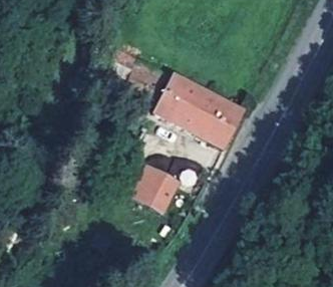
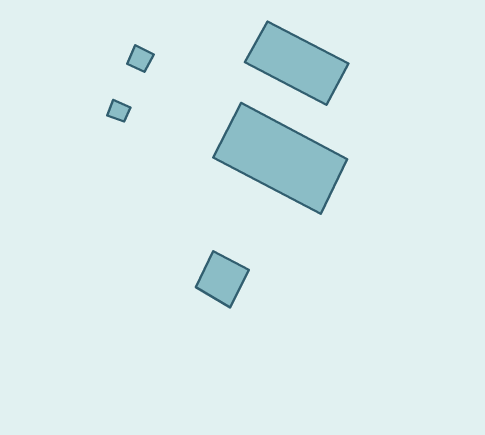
building: none -> [245,22,349,105]

